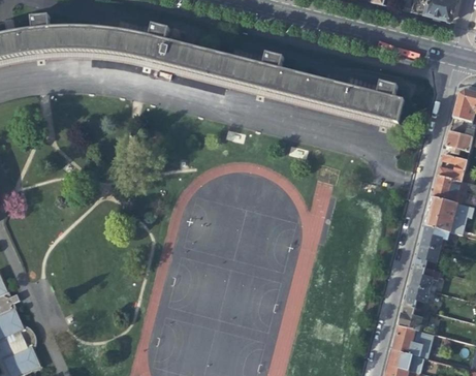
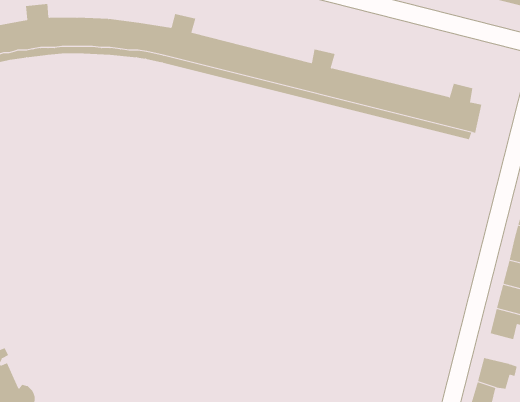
building: [404,284,429,309] -> none

